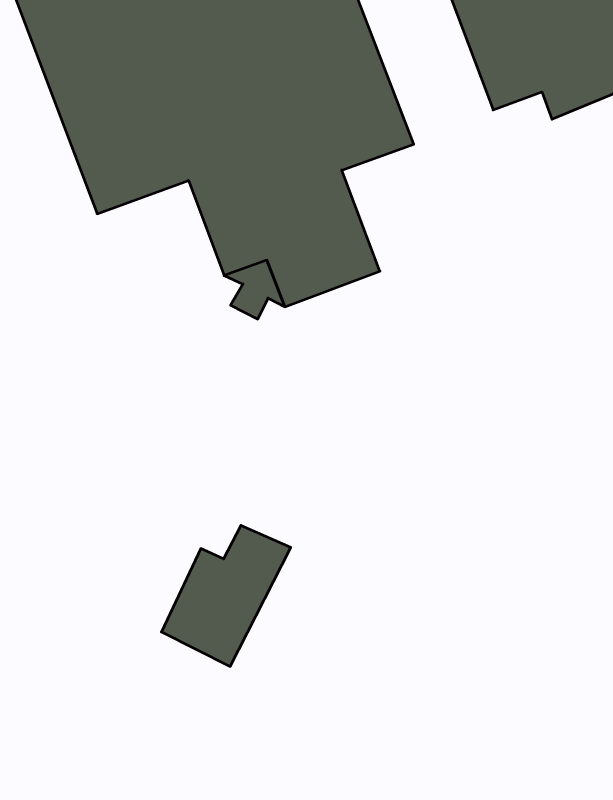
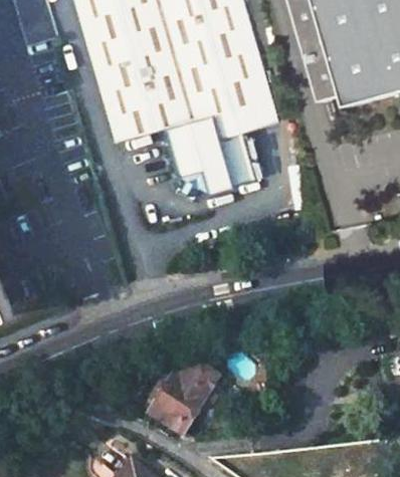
building: [161,525,291,666] -> [151,362,219,432]

